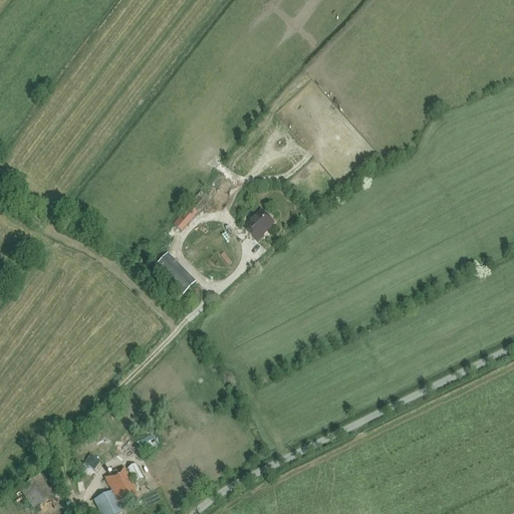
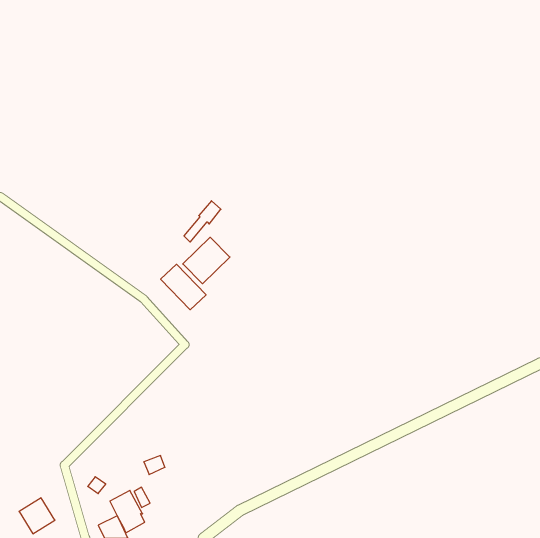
building: [245,211,273,240] -> none
building: none -> [183,237,230,284]

